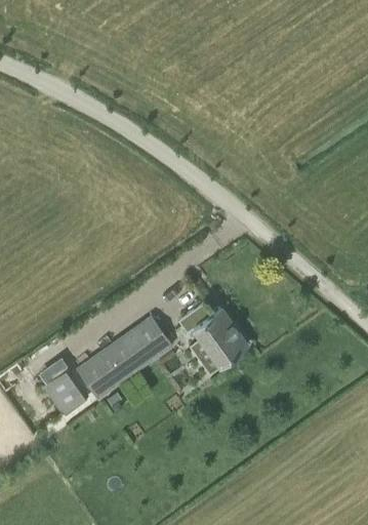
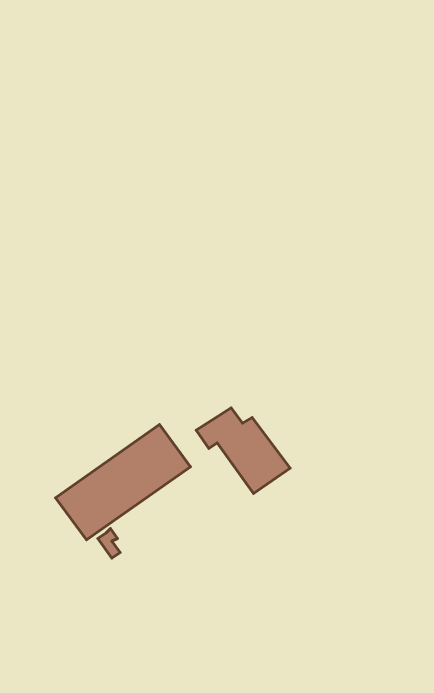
building: [42,367,88,414] -> none

